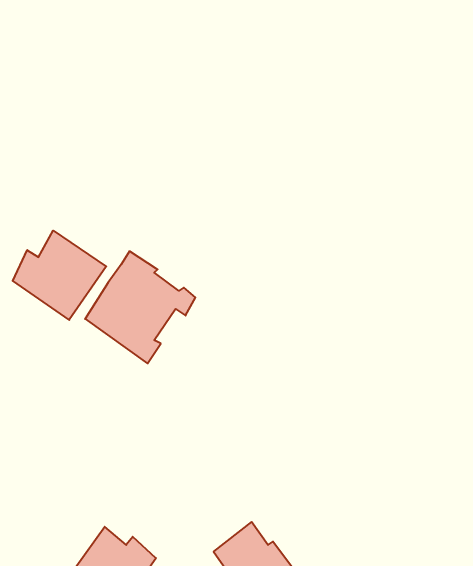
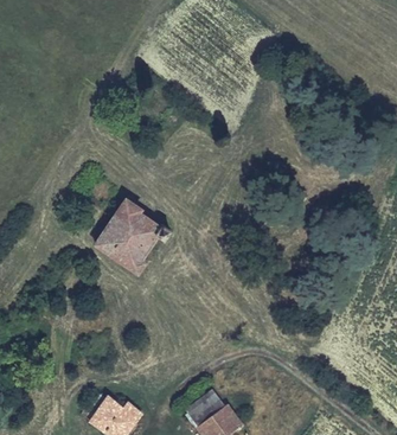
building: [13,231,106,320] -> none

